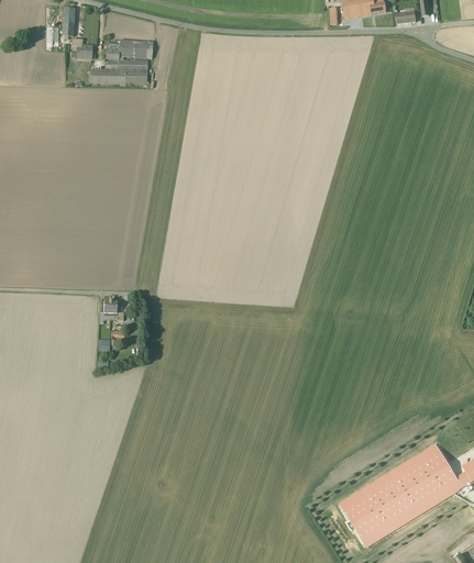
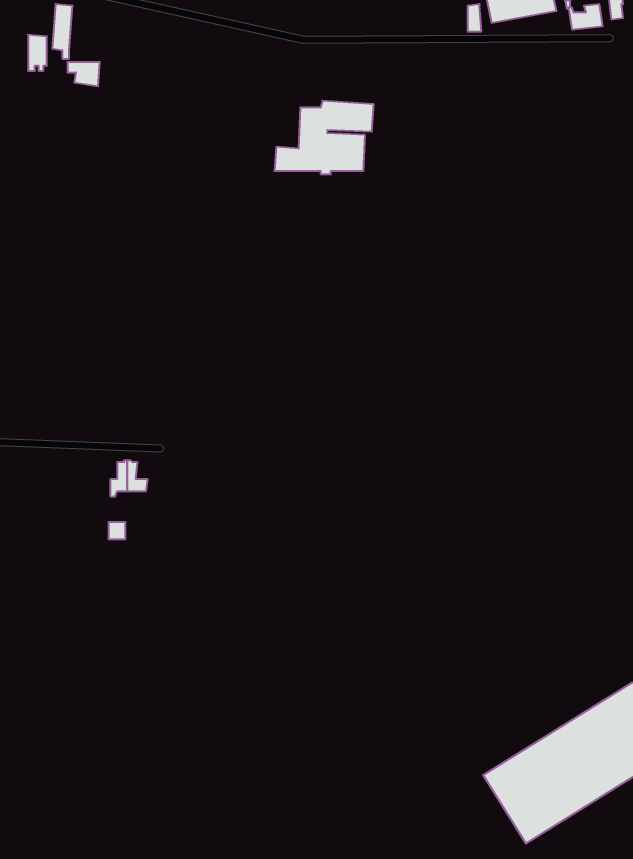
building: [89,38,153,86] -> [274,101,374,174]

